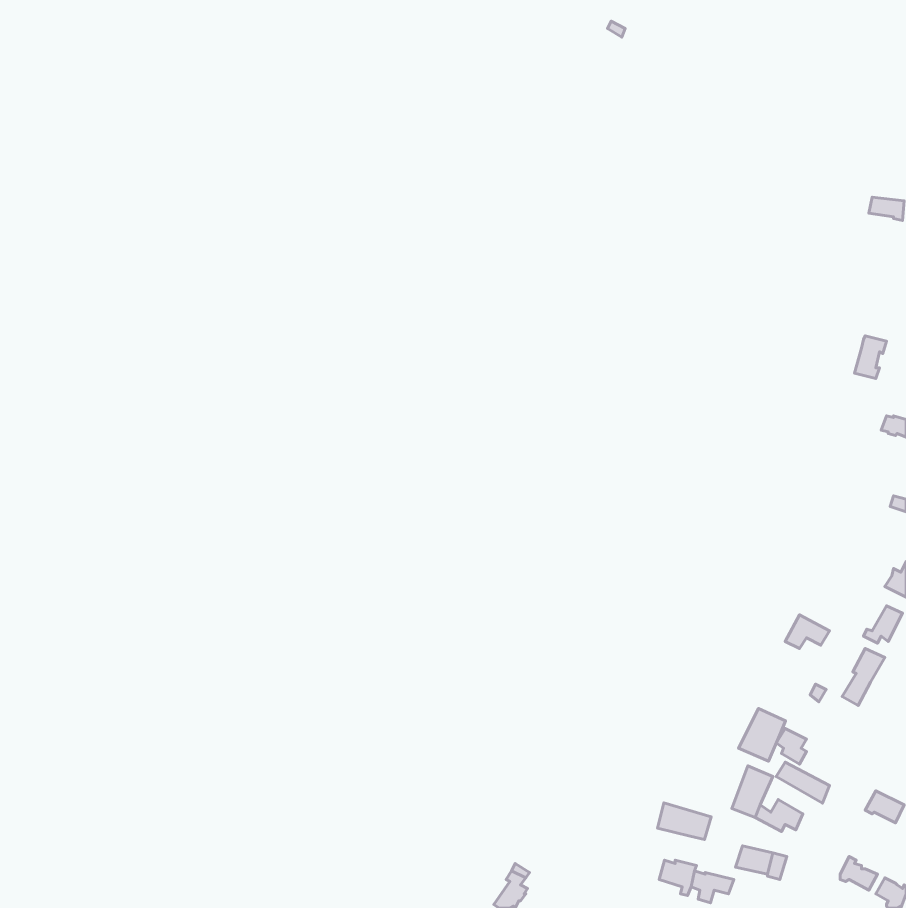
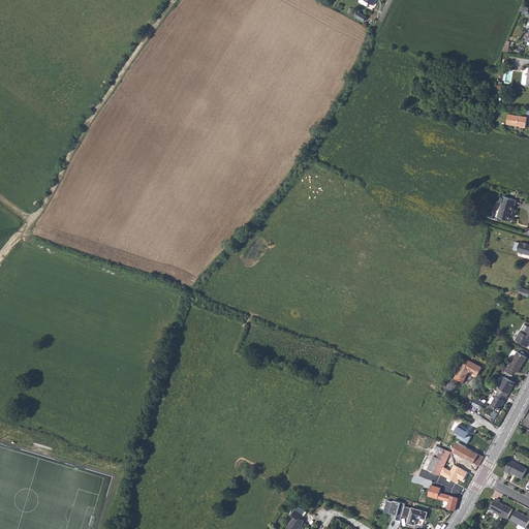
building: [739,708,786,761] -> none
building: [658,803,711,840] -> none

